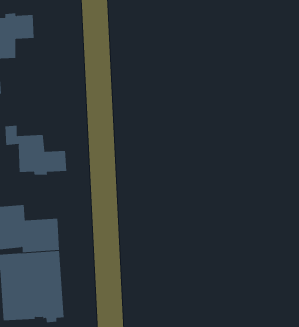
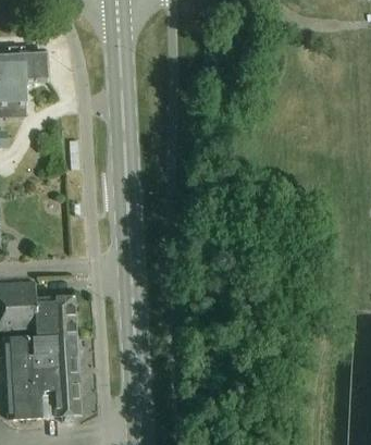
building: [5,125,67,175] -> none

